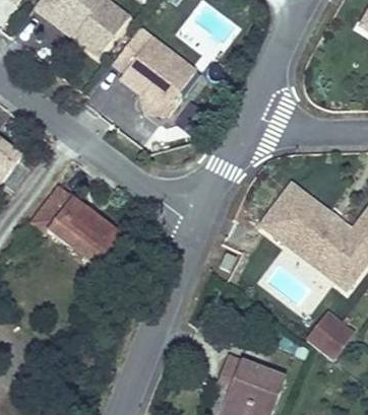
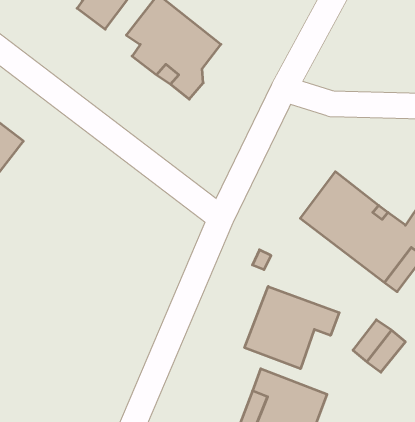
building: [28,184,124,270] -> none
building: none -> [245,286,339,369]

